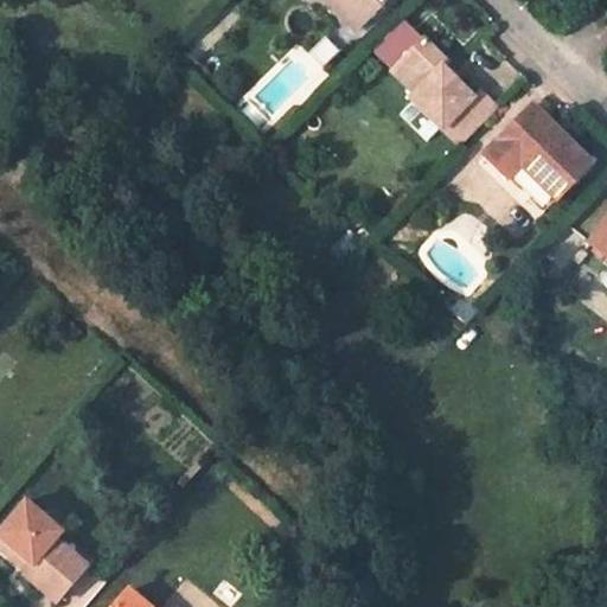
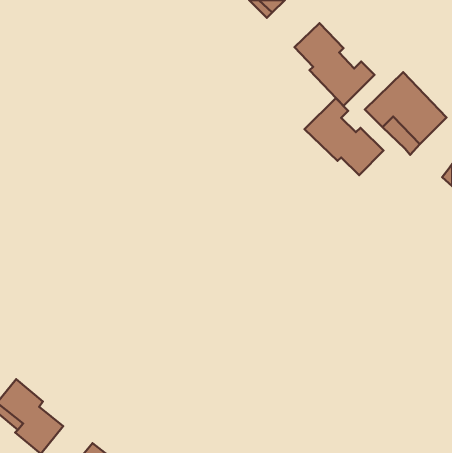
building: [372,11,426,65] -> none
building: none -> [305,98,384,175]

